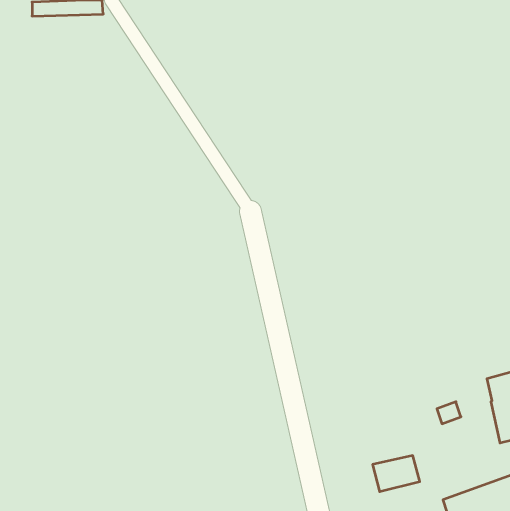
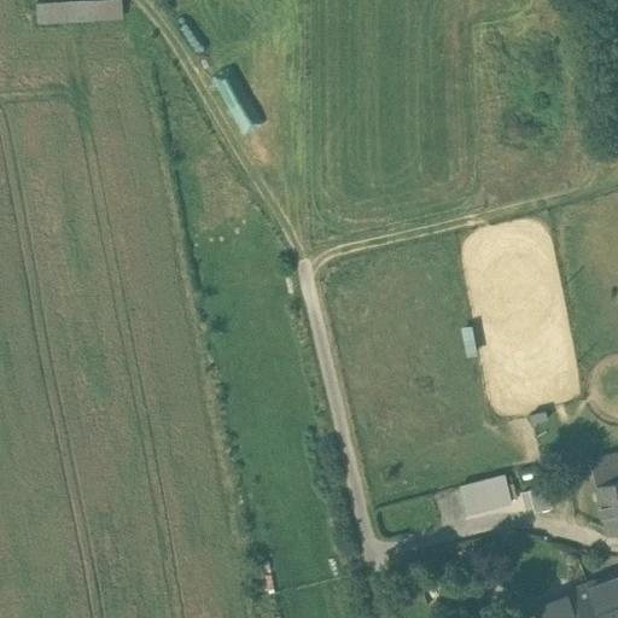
building: [373,456,420,492] -> [459,476,515,519]

